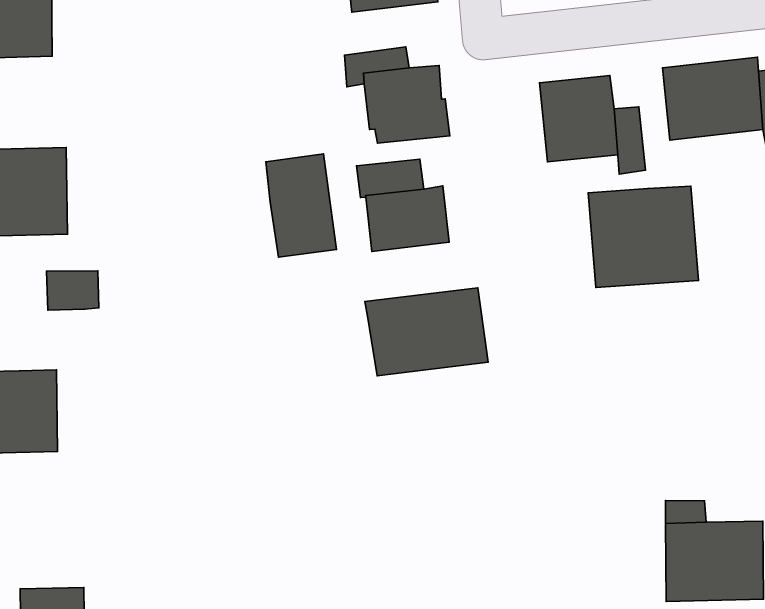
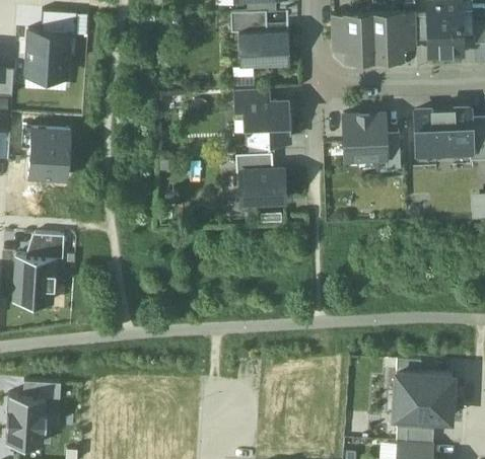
building: [266,154,337,257] -> none
building: [588,186,699,288] -> none
building: [46,271,99,310] -> [33,235,64,258]
building: [365,288,488,376] -> none

